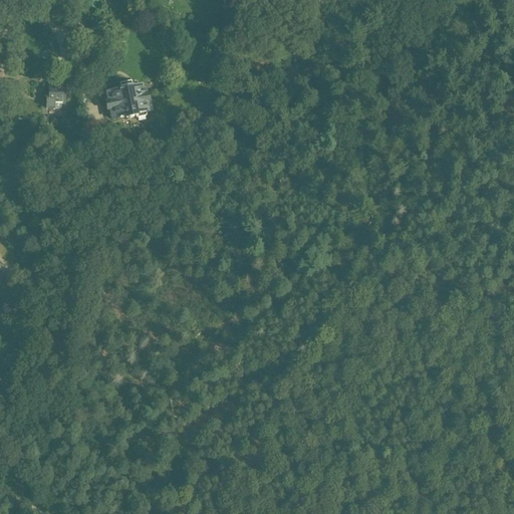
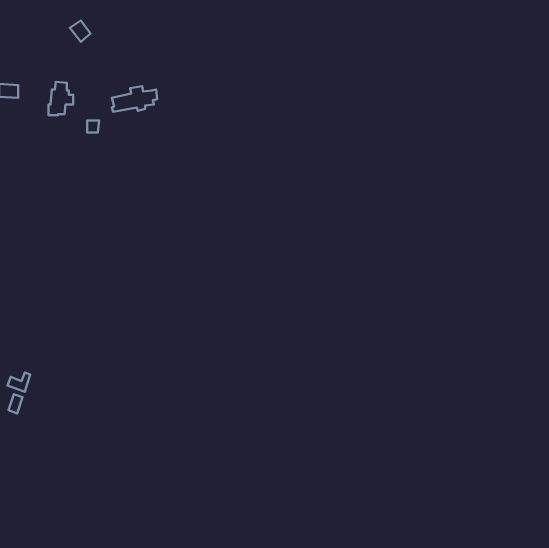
building: [105,92,151,118] -> none

